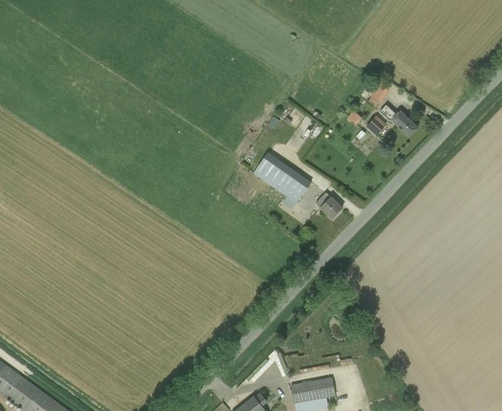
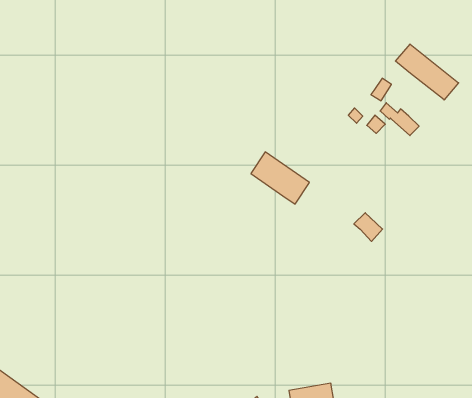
building: none -> [395,44,459,100]
building: [315,192,343,220] -> [354,213,383,241]

